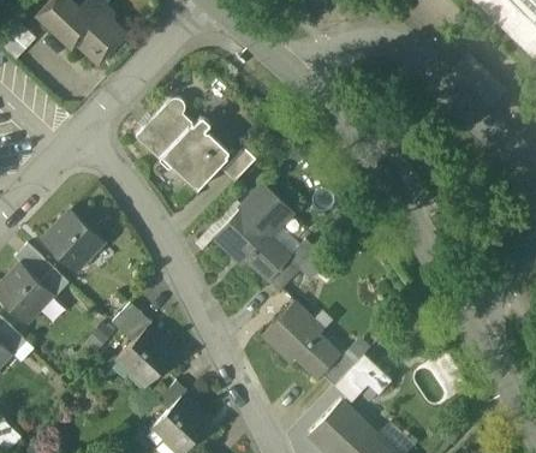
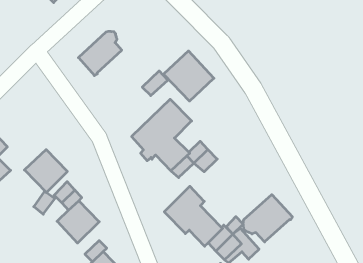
building: [162,123,230,190] -> [164,51,214,101]
building: [44,211,102,269] -> [24,150,67,193]
building: none -> [243,195,292,242]

